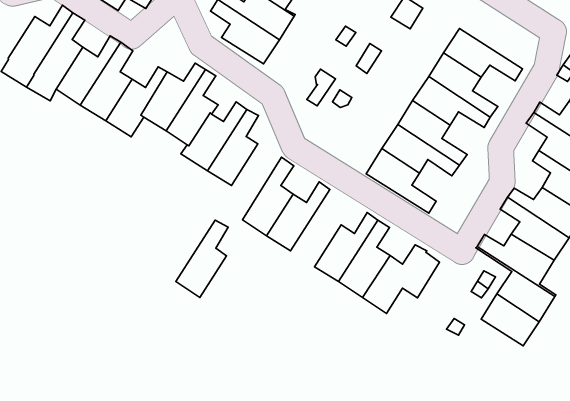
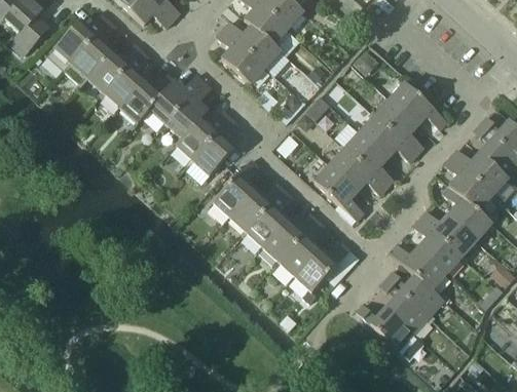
building: [176,220,228,298] -> [247,189,294,246]
building: none -> [370,308,413,349]

